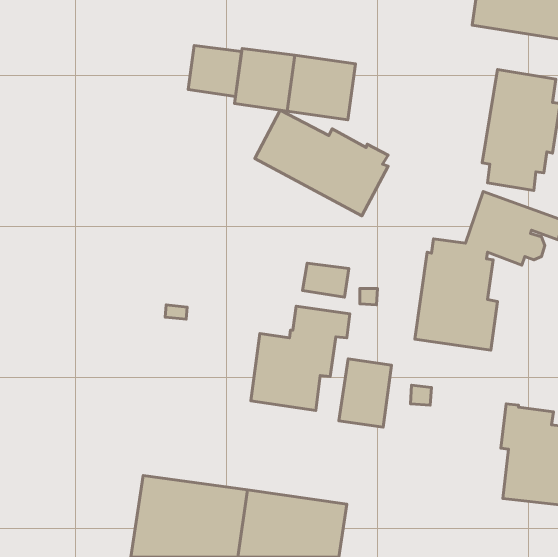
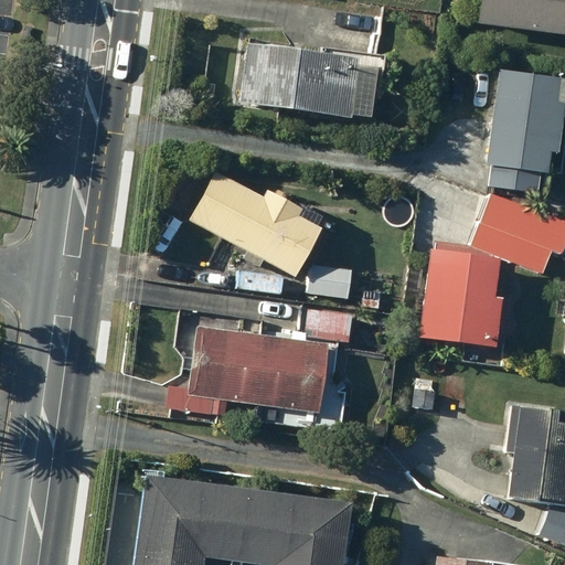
building: [188,45,242,97] -> none
building: [255,110,388,216] -> [191,172,324,278]
building: none -> [171,324,265,414]
building: [339,359,392,427] -> none

